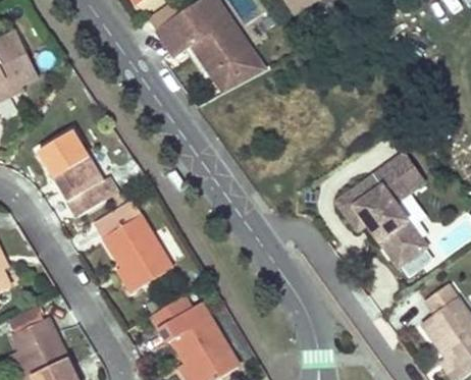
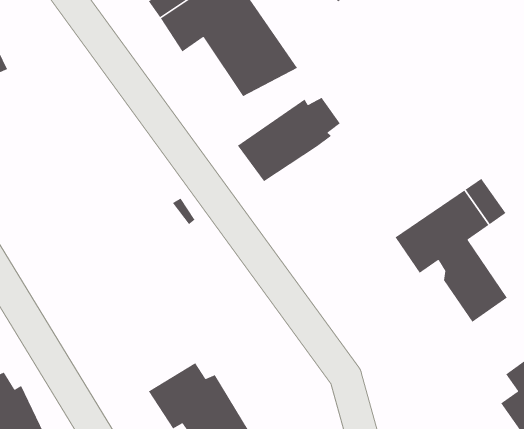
building: none -> [237,97,341,182]
building: [37,129,106,214] -> none
building: [95,200,173,287] -> none

